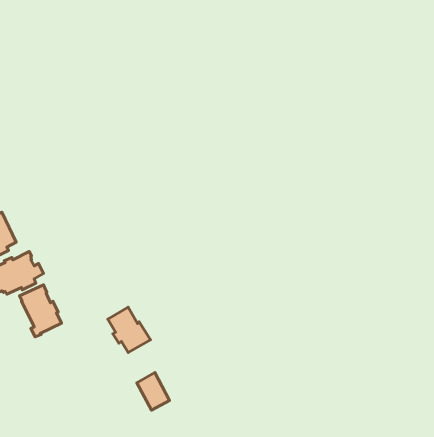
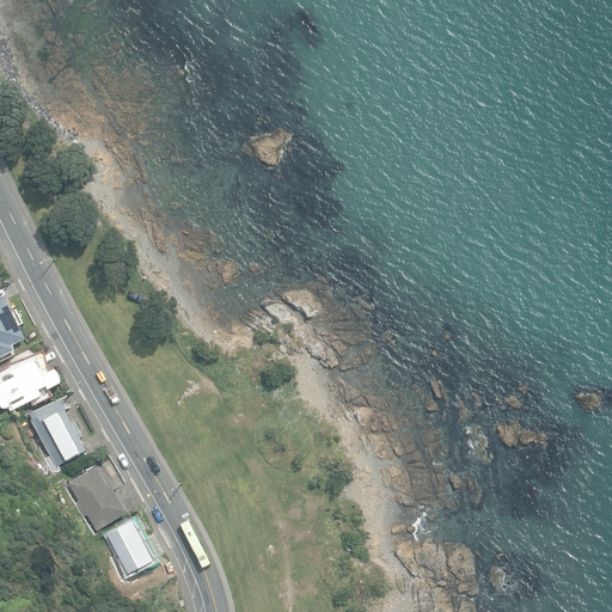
building: [108,307,150,353] -> [66,466,126,530]
building: [137,372,169,410] -> [106,520,152,573]

